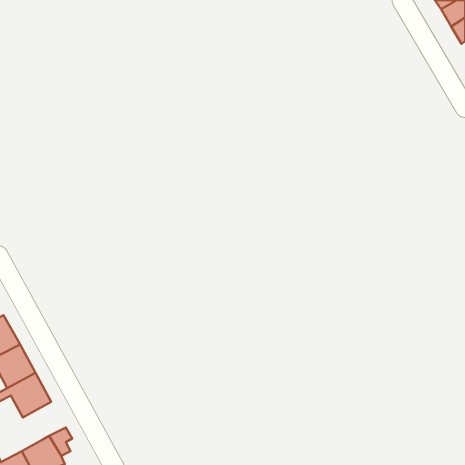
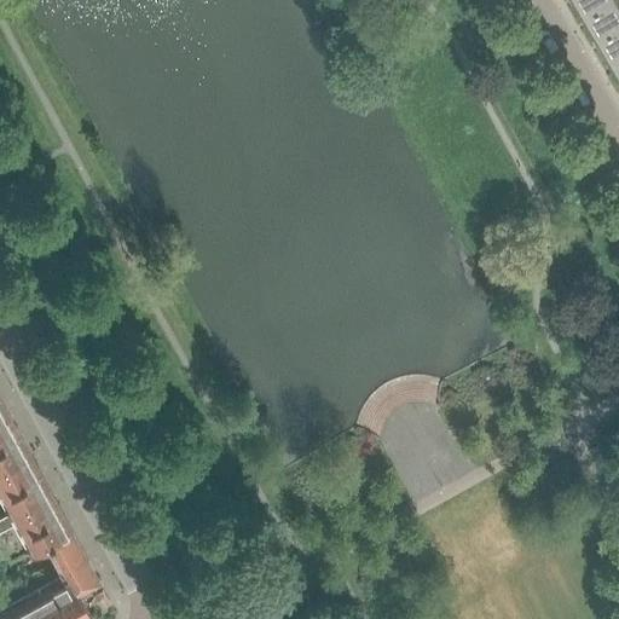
building: none -> [41,534,87,584]

